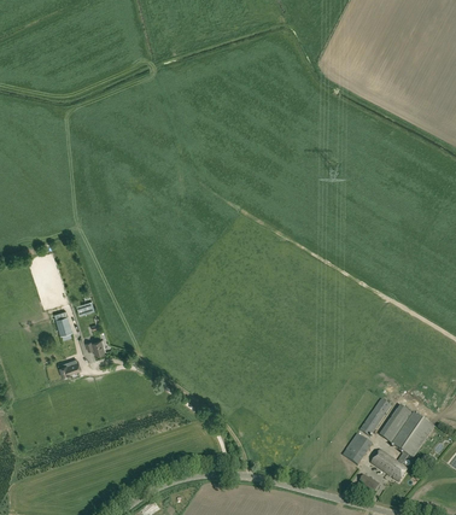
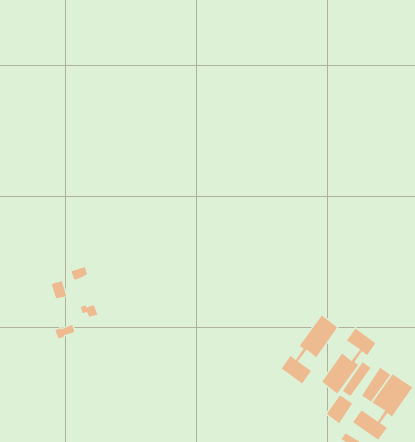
building: none -> [281,314,338,384]
building: none -> [321,328,376,395]

